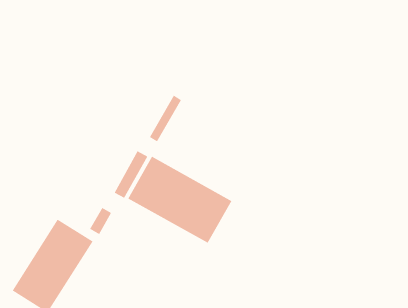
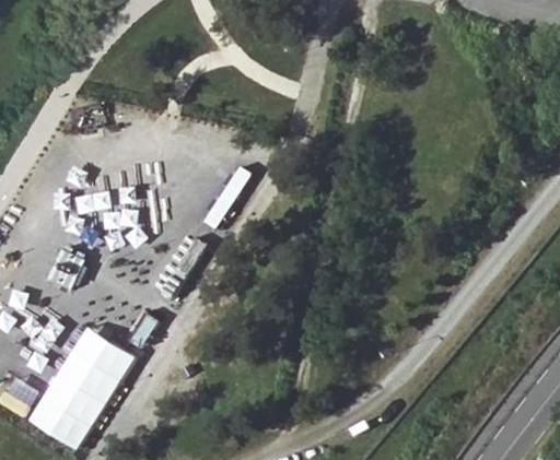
building: [128,156,232,244] -> none

